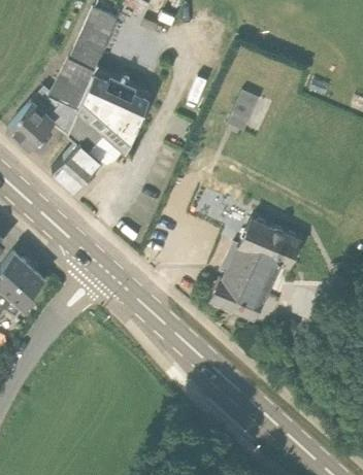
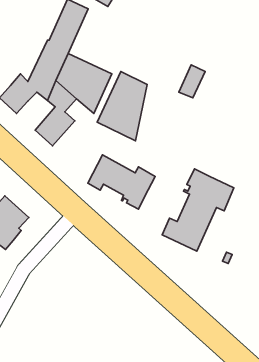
building: none -> [97,72,147,141]
building: none -> [88,155,155,209]

